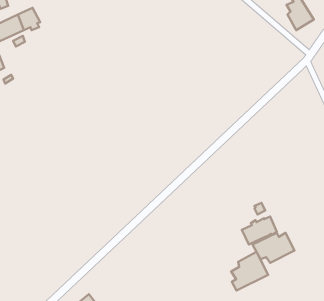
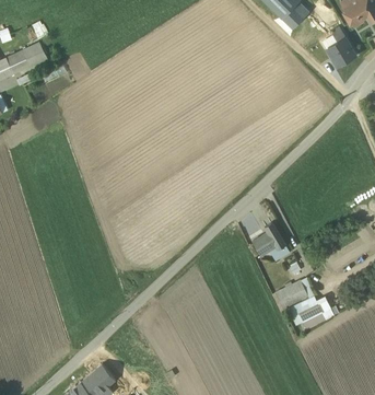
building: none -> [253,223,290,262]
building: [231,252,268,290] -> none

